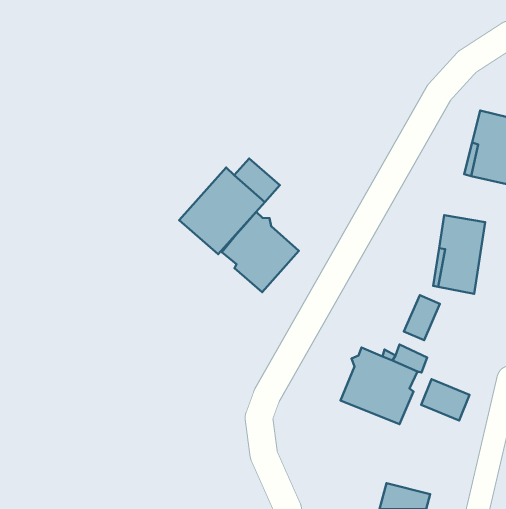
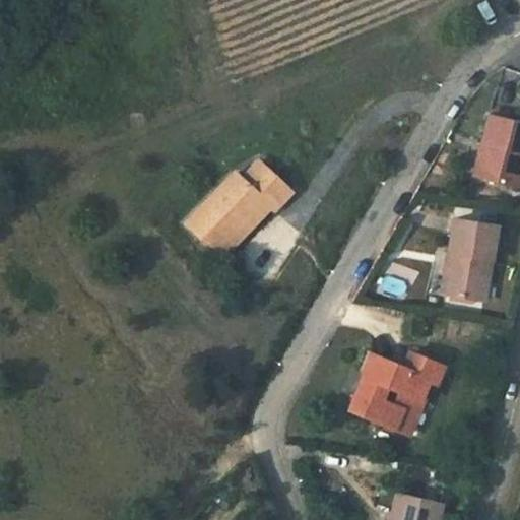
building: [222,212,299,292] -> none
building: [404,295,440,340] -> none
building: [421,379,470,420] -> none

